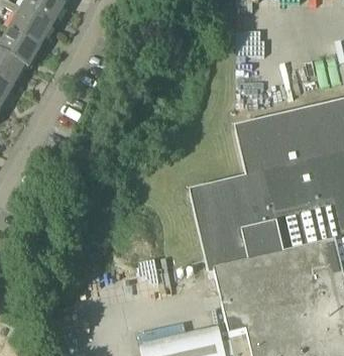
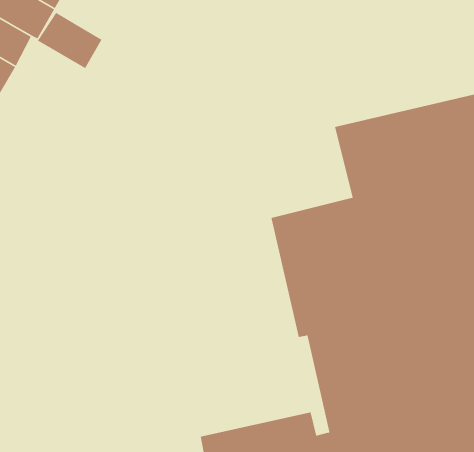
building: none -> [37,12,102,69]

